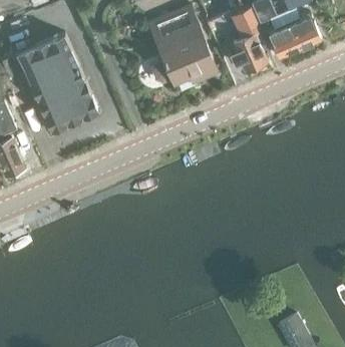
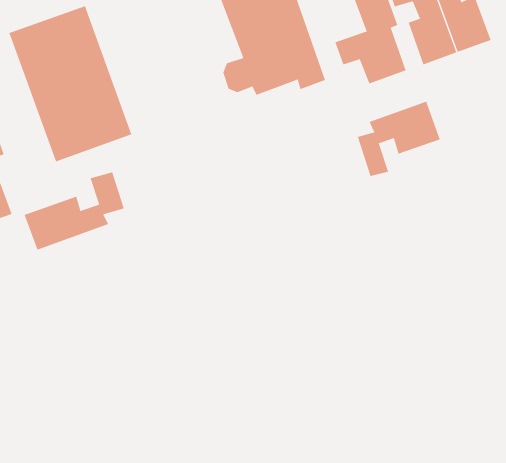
building: none -> [357,101,440,177]
building: none -> [24,171,124,251]

